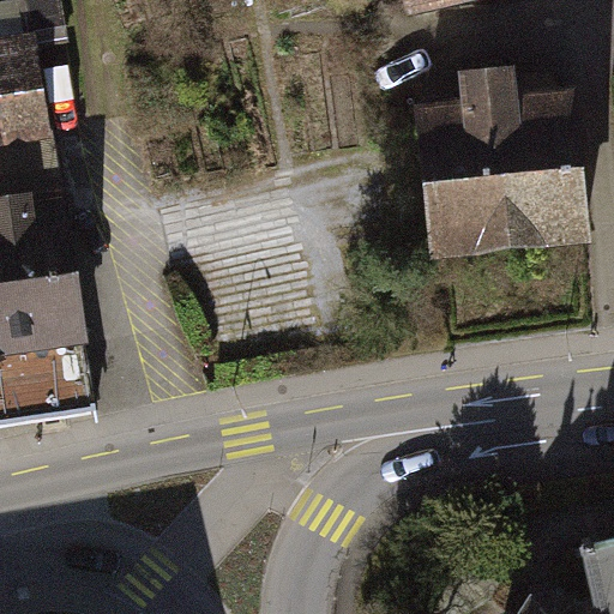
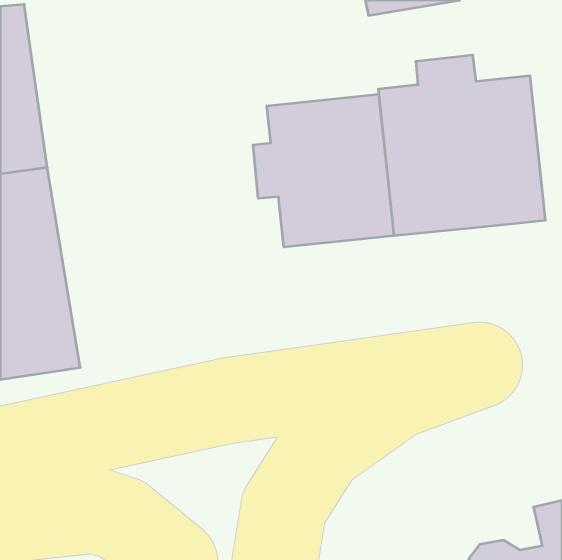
building: none -> [253,94,394,247]

